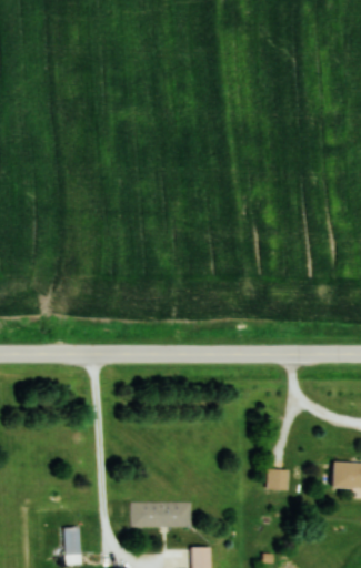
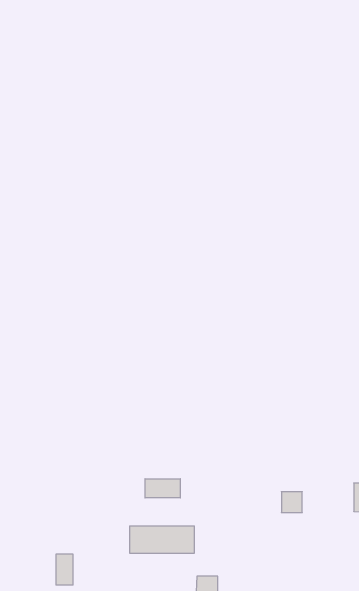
building: none -> [145,479,180,498]

